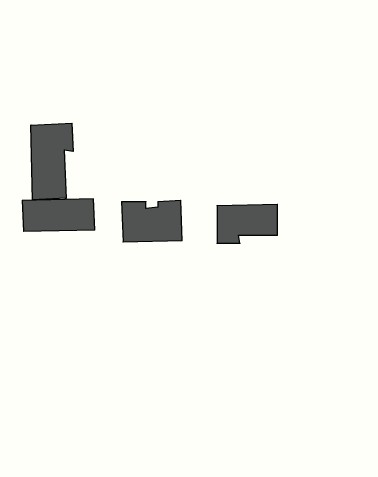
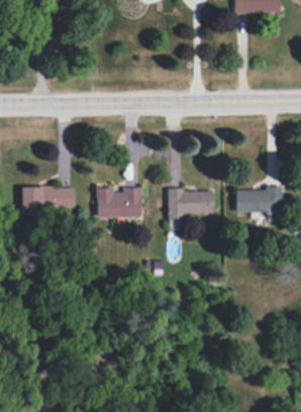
building: [31,123,73,200] -> none
building: none -> [236,188,282,213]

